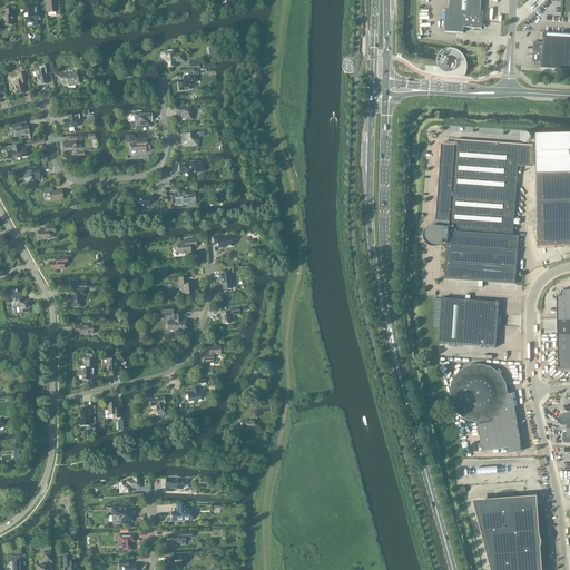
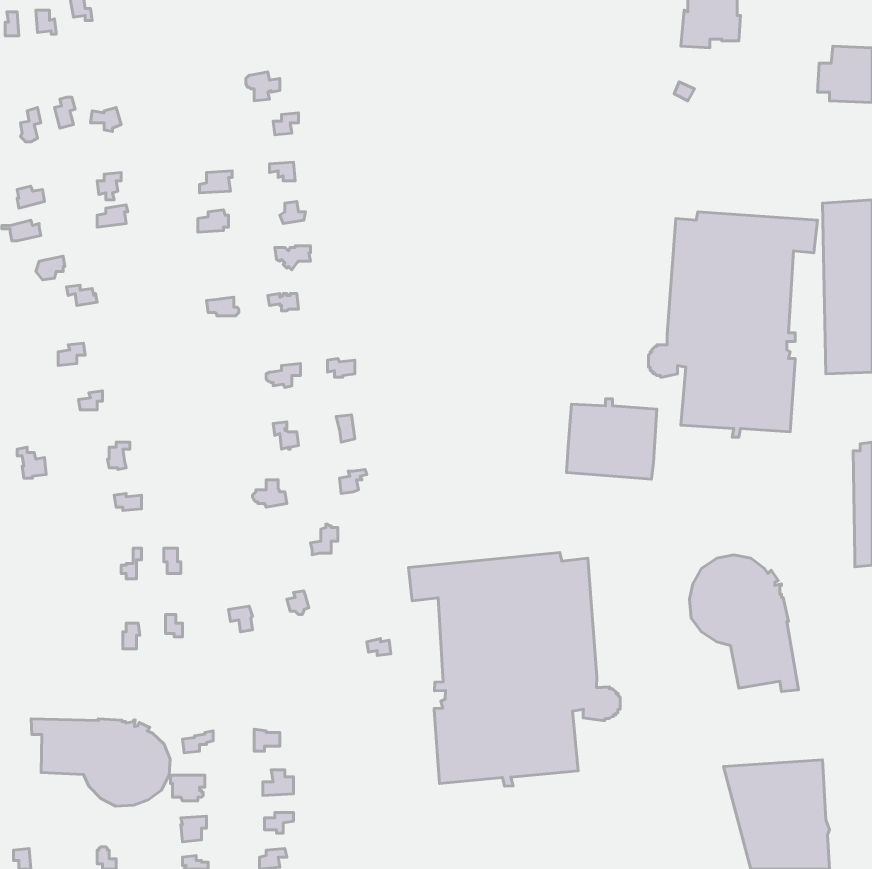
building: [440,294,499,346] -> [566,399,657,479]
building: none -> [408,552,620,786]
building: none -> [31,719,170,806]

